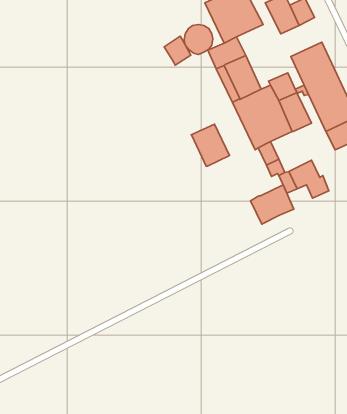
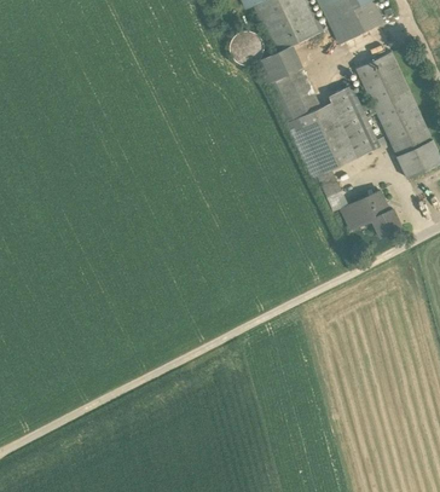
building: [164,36,191,65] -> none
building: [191,124,230,166] -> none
building: [250,185,294,224] -> none

